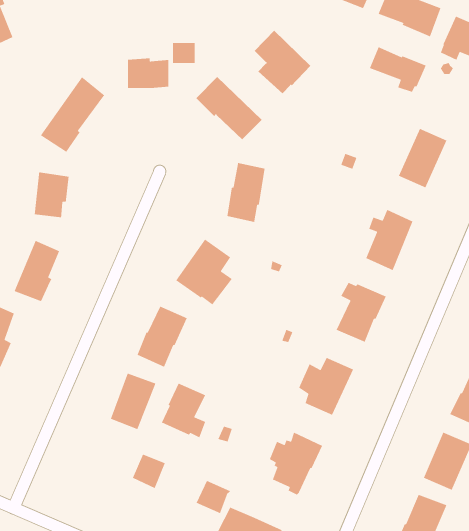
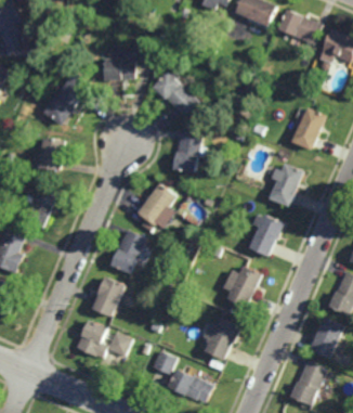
building: [254,30,311,94] -> none
building: [369,46,427,93] -> none
building: [161,382,206,439] -> [75,320,106,359]

